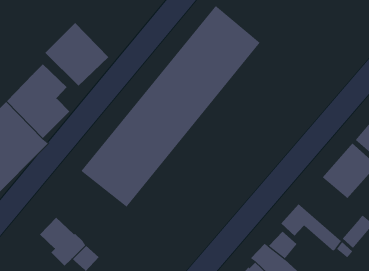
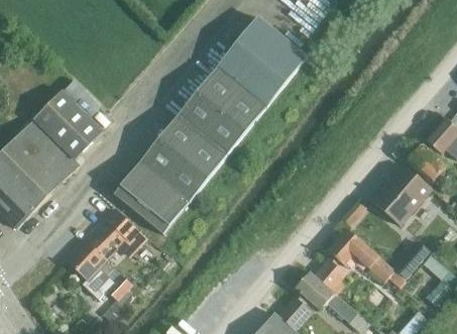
building: [44,22,109,87] -> none
building: none -> [88,211,148,261]

